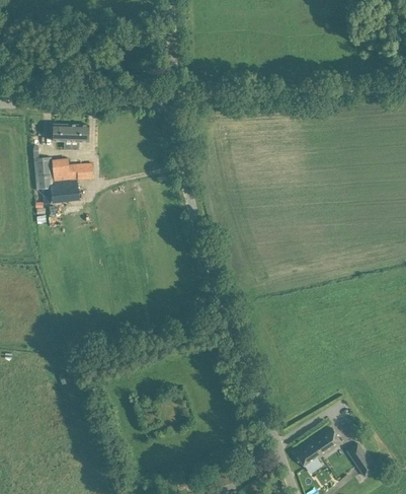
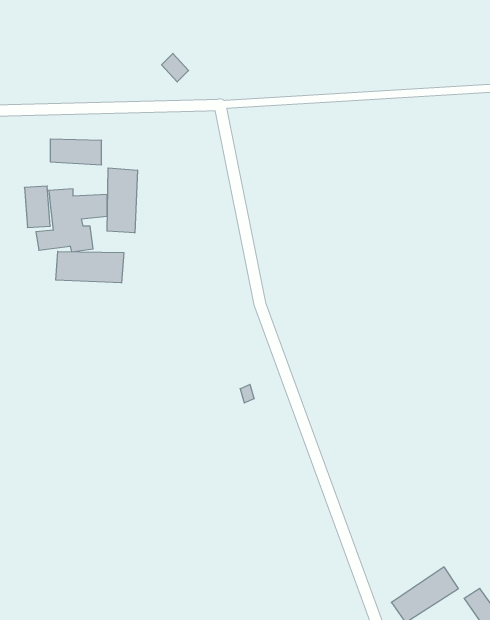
building: none -> [107,168,137,233]
building: none -> [56,251,124,283]

